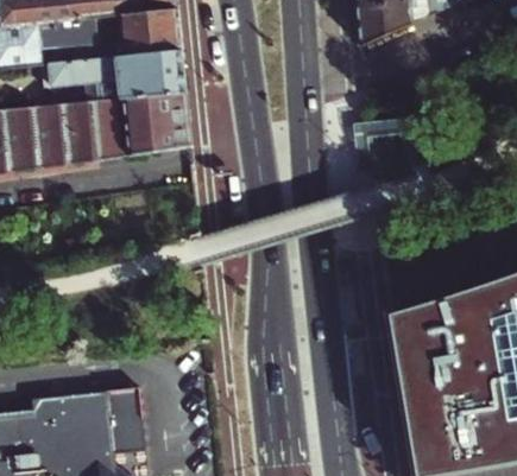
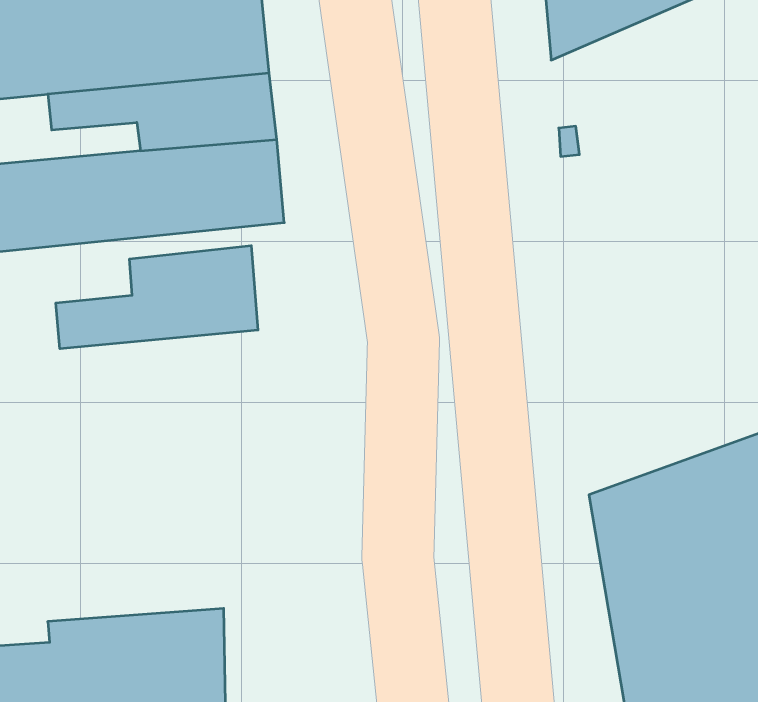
building: none -> [56,246,258,349]

